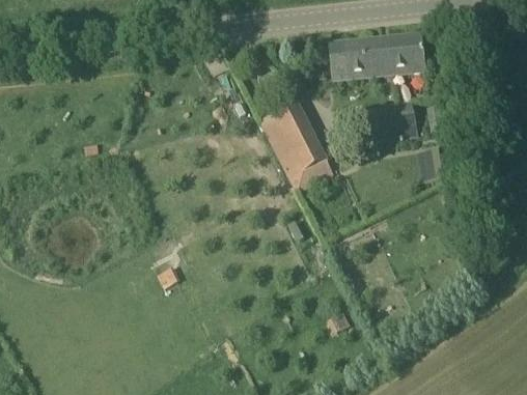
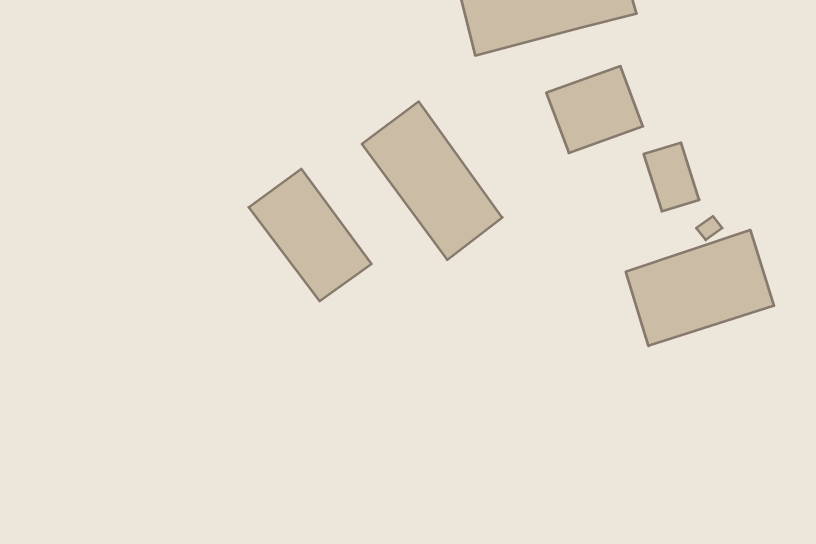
building: none -> [249,169,371,301]
building: none -> [626,230,774,346]

